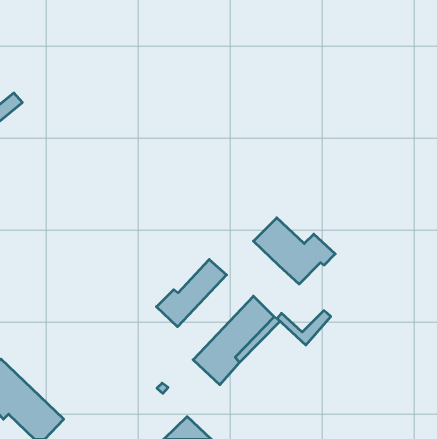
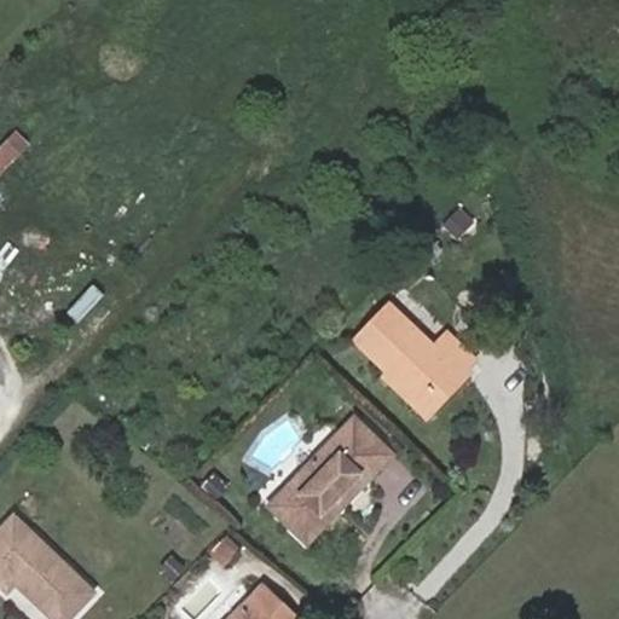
building: [156,259,227,327] -> none
building: [277,311,331,345] -> [384,369,459,417]

